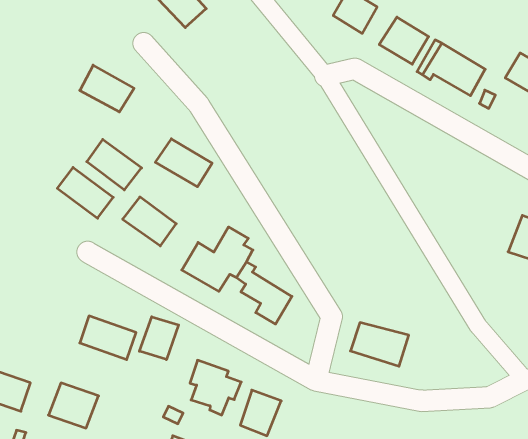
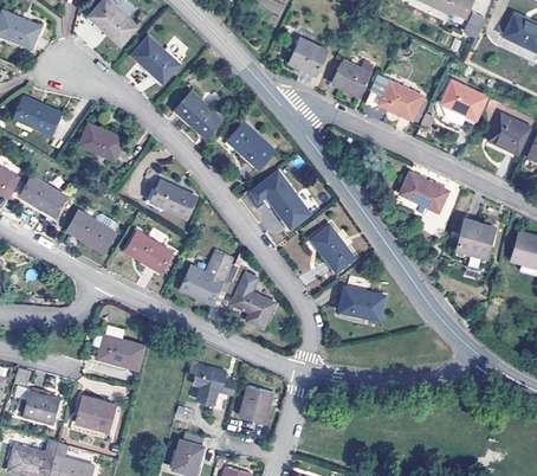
building: none -> [13,96,60,135]
building: none -> [174,90,222,139]
building: none -> [227,123,274,167]
building: [87,139,142,190] -> [19,175,66,217]
building: none -> [264,180,310,229]
building: none -> [400,172,448,212]
building: none -> [310,225,354,271]
building: [139,317,179,360] -> none
building: [350,323,409,366] -> [337,287,386,321]

